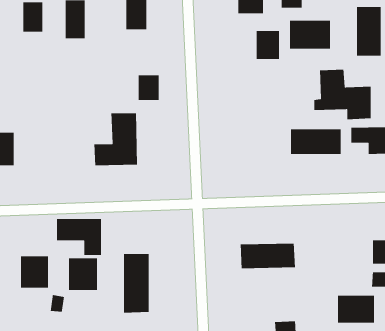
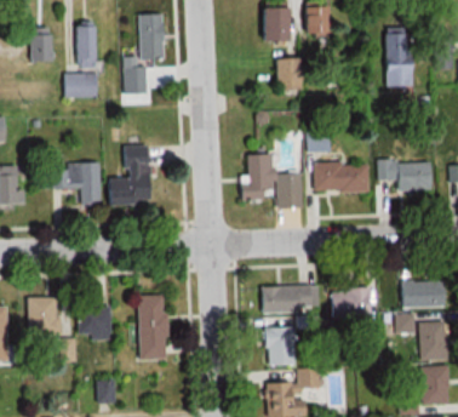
building: [289,20,331,50] -> none
building: none -> [64,74,98,98]
building: [313,69,372,120] -> [241,154,303,208]
building: [138,75,160,101] -> [125,68,148,96]
building: [56,218,102,256] -> [53,165,102,205]
building: none -> [265,327,297,364]
building: [337,295,375,323] -> [333,287,373,318]

